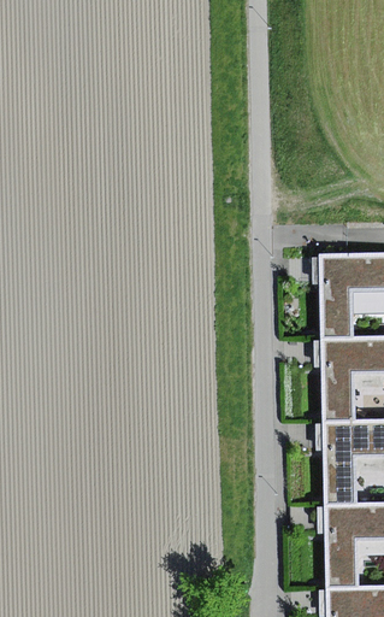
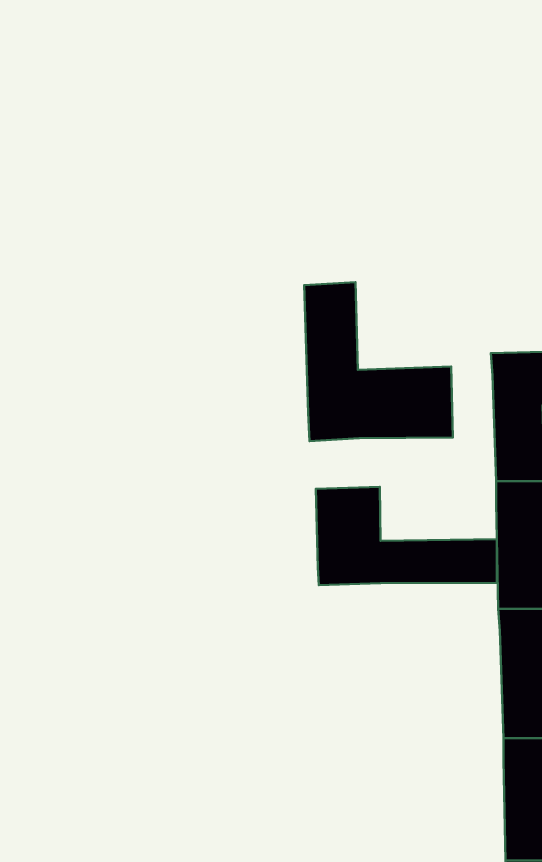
building: none -> [304,282,453,441]
building: none -> [316,487,497,585]

